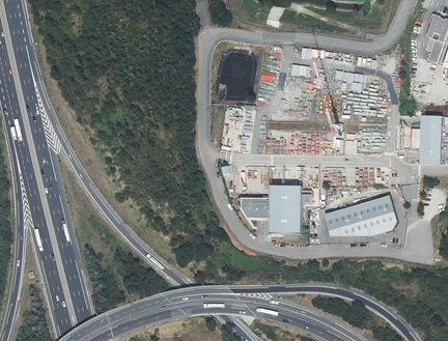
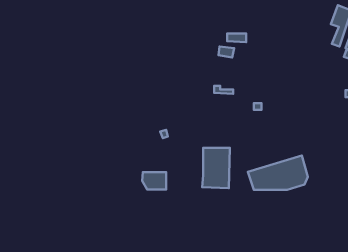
building: [419,115,440,163] -> none
building: [241,197,270,218] -> [142,172,166,189]

